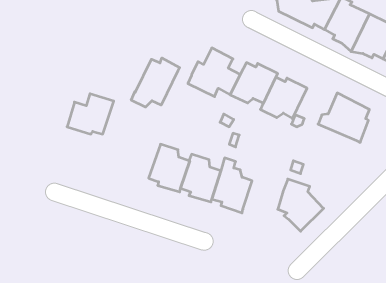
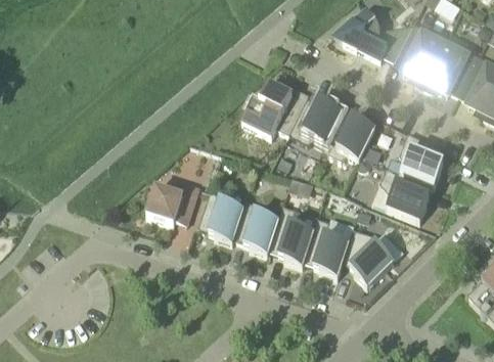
building: [131,58,180,107] -> none
building: [67,94,114,134] -> [148,177,200,222]
building: none -> [381,166,432,220]
building: none -> [305,217,350,276]

